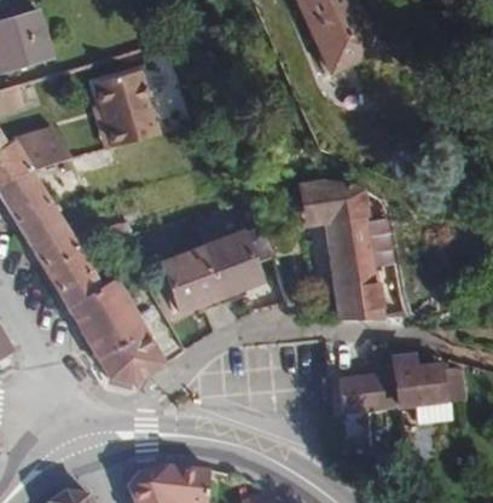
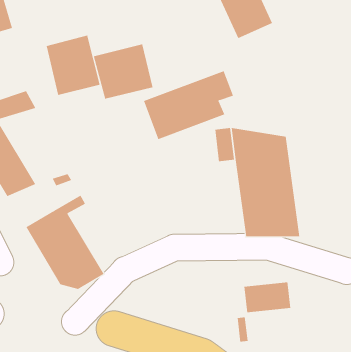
building: none -> [93,44,153,100]
building: [161,226,273,312] -> [143,71,234,140]
building: [44,252,102,305] -> none
building: [393,355,463,405] -> none

